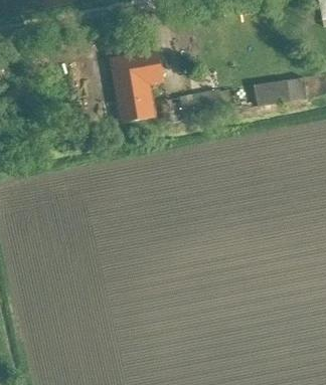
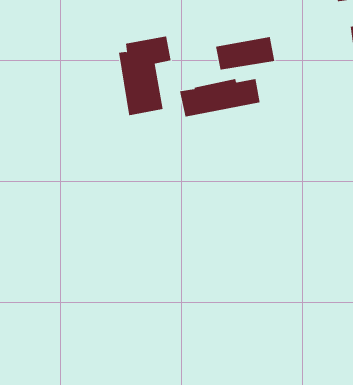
building: [255,75,308,106] -> [215,36,275,70]

